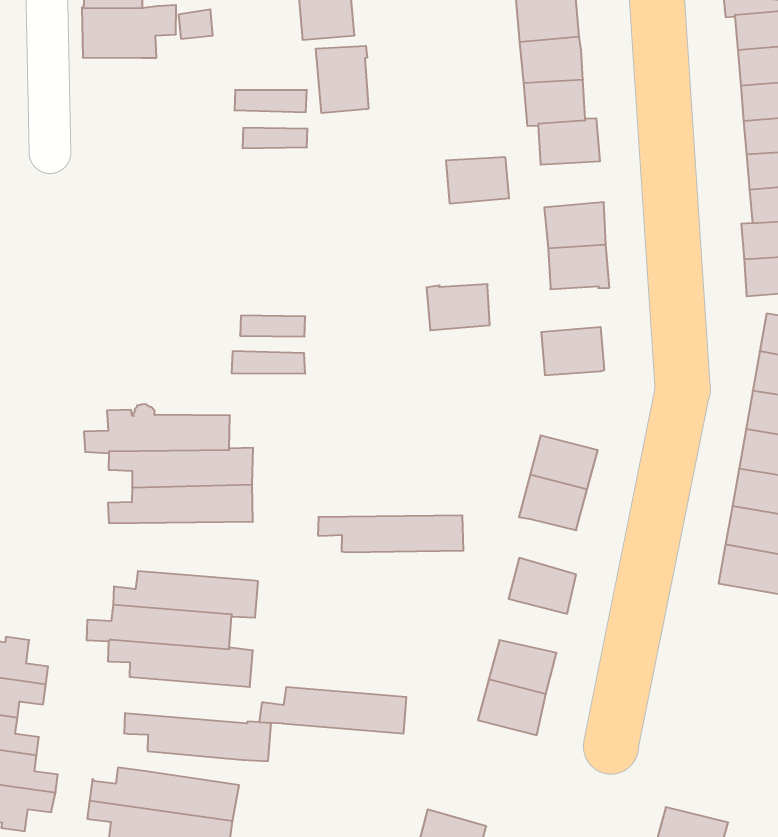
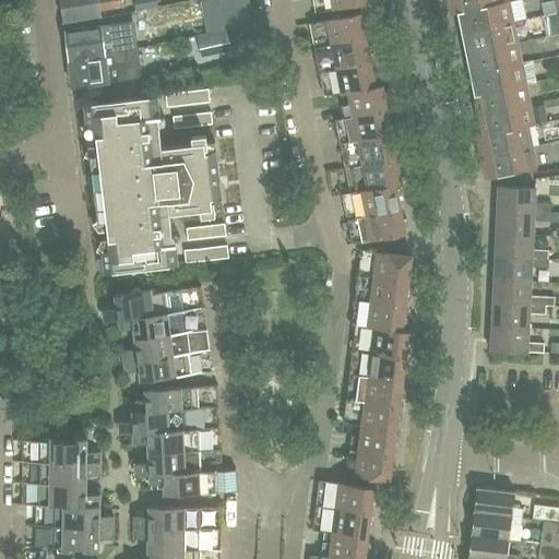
building: [316,46,369,113] -> none
building: none -> [83,97,222,275]
building: [446,157,509,203] -> [352,111,392,143]
building: [426,284,490,330] -> [359,186,400,217]
building: none -> [372,253,409,283]
building: [318,515,463,552] -> [123,352,212,382]
building: none -> [369,329,407,358]
building: none -> [355,377,402,406]
building: [259,687,406,734] -> [134,450,221,476]
building: none -> [354,452,393,481]
building: none -> [334,484,373,514]

